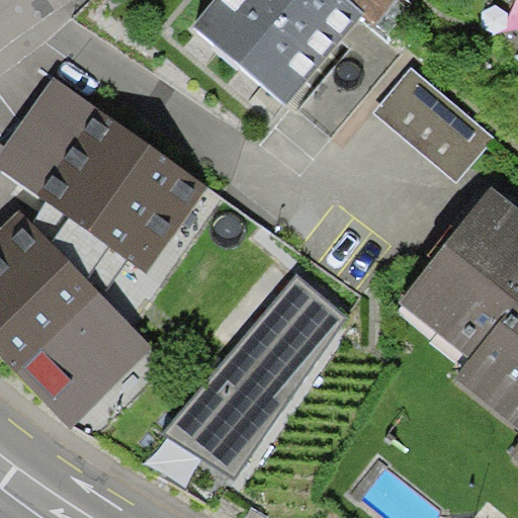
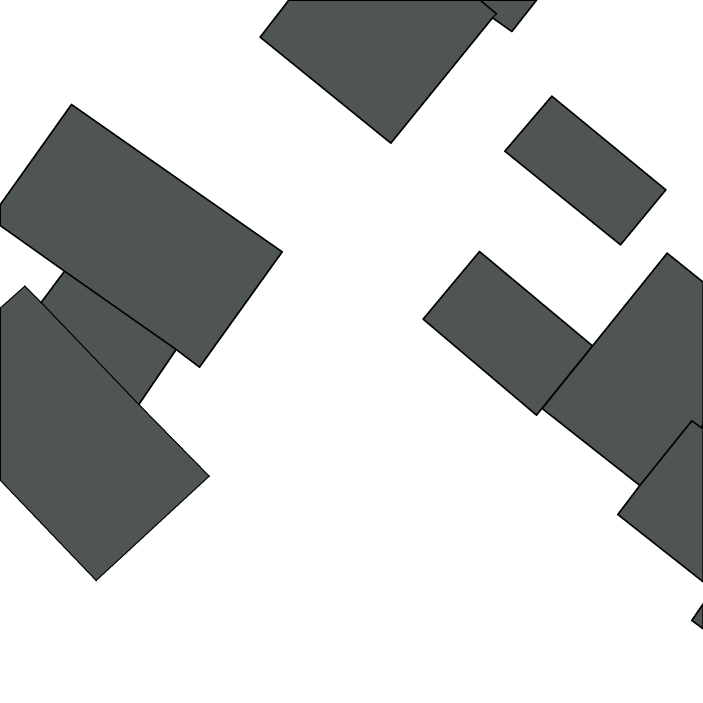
building: none -> [423,251,593,415]
building: [160,276,345,479] -> none

